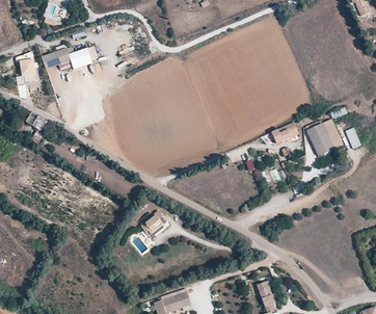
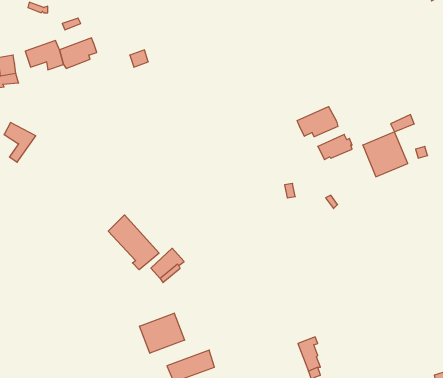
building: none -> [297,107,338,137]
building: none -> [108,215,159,270]
building: none -> [140,313,185,353]

